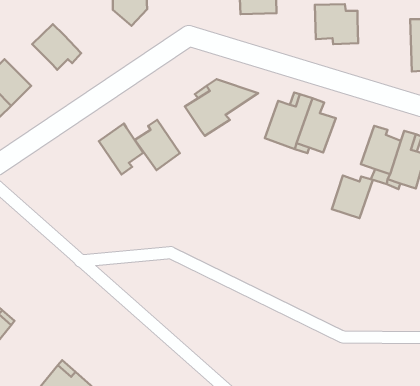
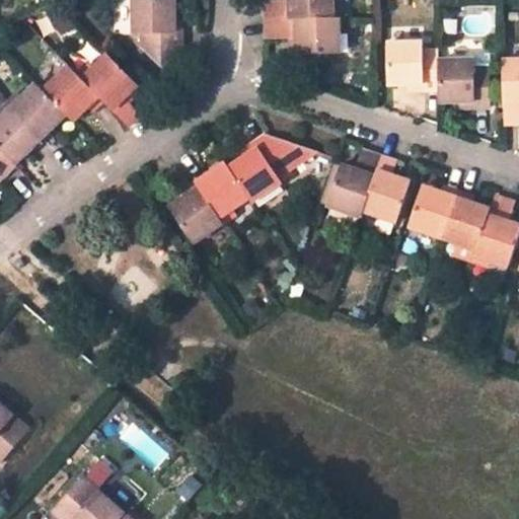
building: none -> [80,54,136,109]
building: none -> [437,59,490,107]
building: none -> [8,82,67,141]
building: [99,123,143,174] -> [194,161,247,223]
building: [332,176,373,218] -> [407,184,457,236]

